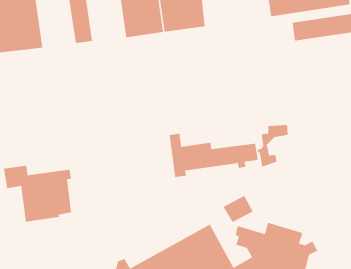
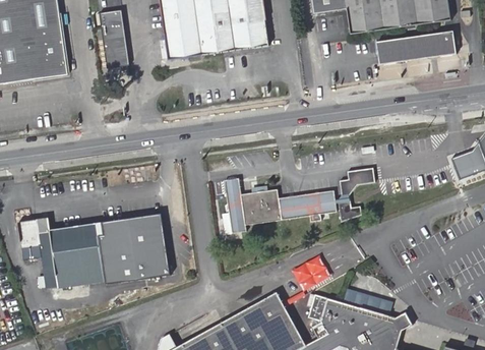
building: none -> [98,216,167,284]

